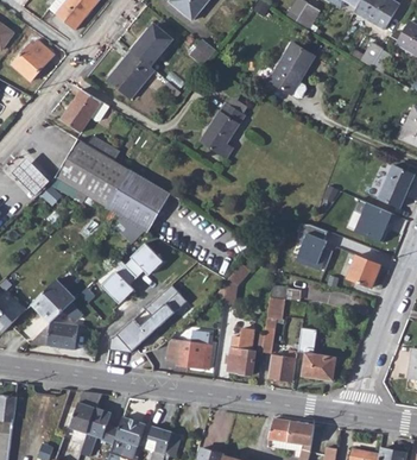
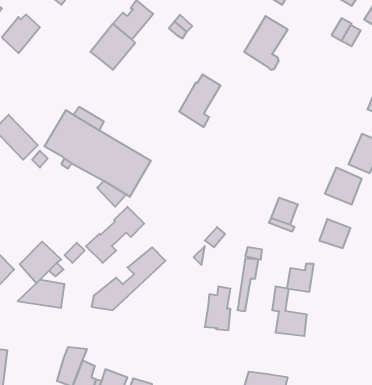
building: [62,89,108,132] -> none
building: [168,339,213,368] -> none
building: [268,351,297,380] -> [287,264,314,292]

